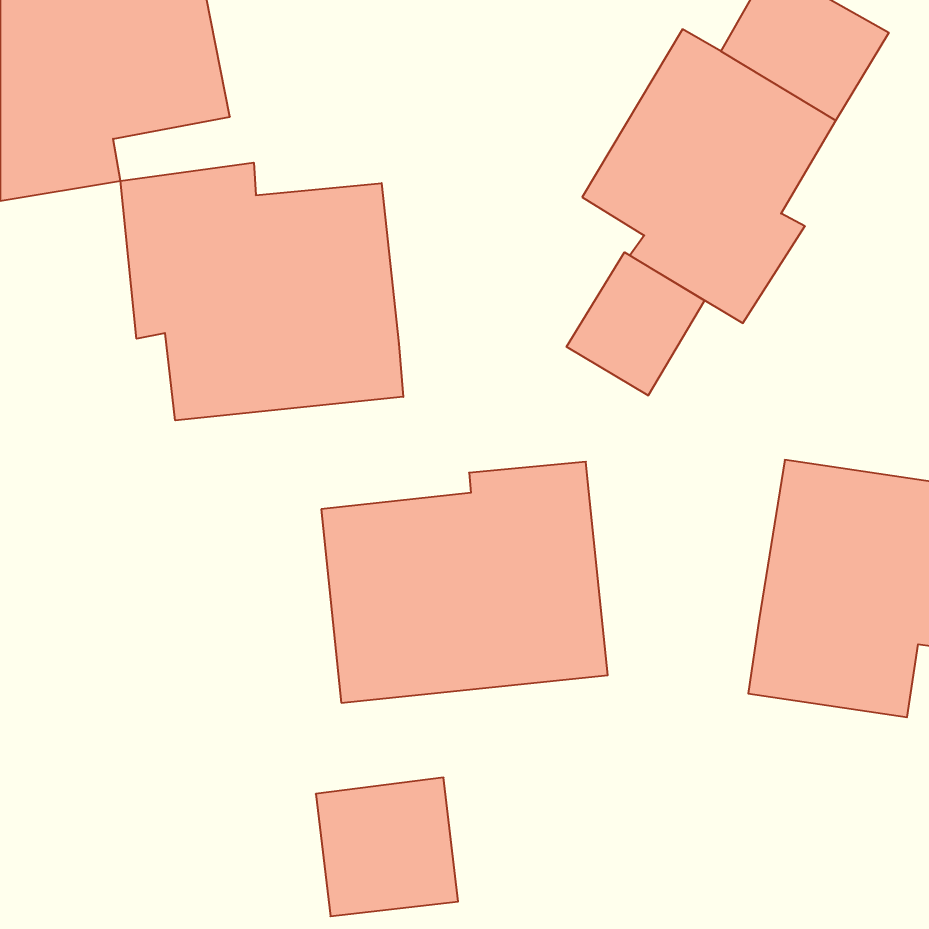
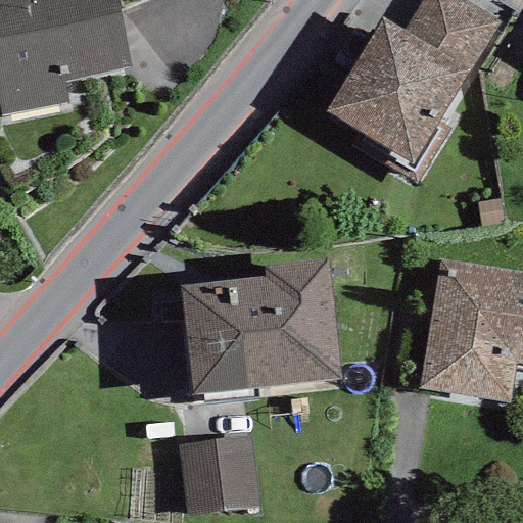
building: [120,163,403,420] -> none
building: [567,252,705,396] -> none

